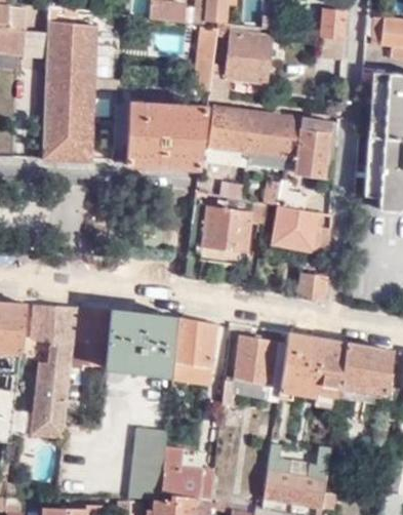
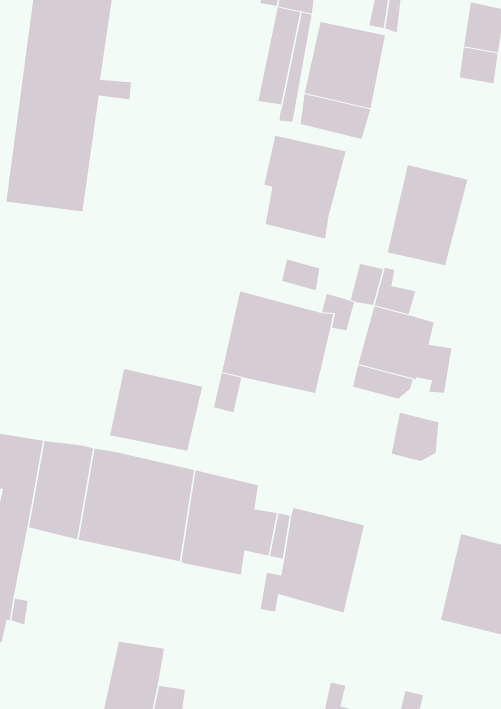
building: [125,103,207,167] -> none
building: [245,110,292,171] -> none
building: none -> [109,368,203,452]
building: [277,332,346,402] -> none

